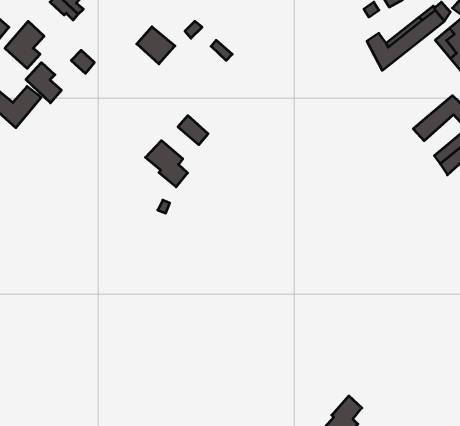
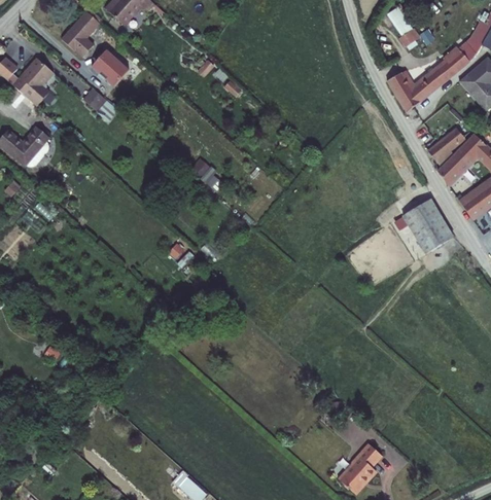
building: [137,27,175,64] -> [94,51,133,90]
building: [26,63,61,103] -> none
building: none -> [427,127,465,164]
building: [145,141,188,187] -> none
building: none -> [402,199,452,252]

